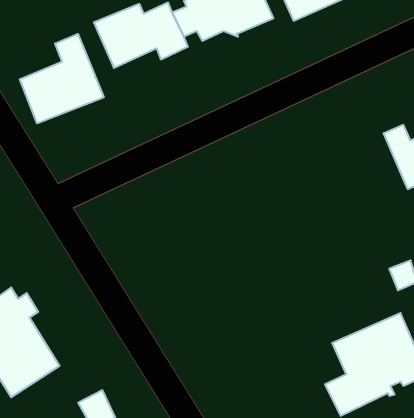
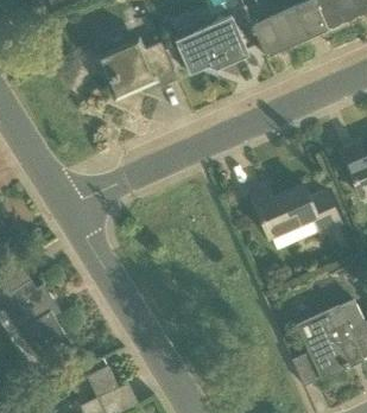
building: [20,34,104,123] -> none
building: none -> [249,184,341,237]

